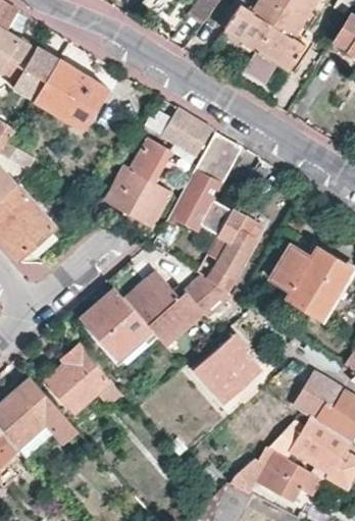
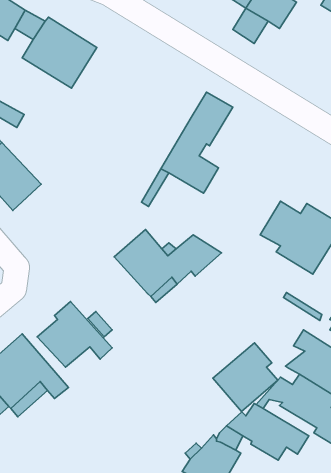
building: [161,109,212,158] -> none
building: [102,138,168,225] -> none
building: [208,209,259,276] -> none
building: [82,288,157,361] -> none
building: [194,332,259,402] -> [213,343,278,412]

